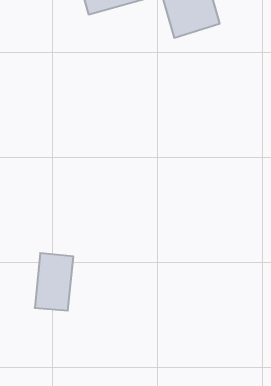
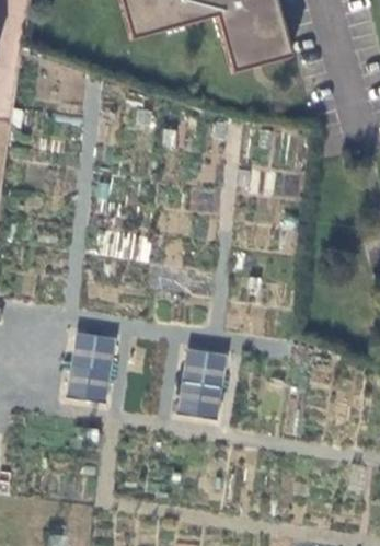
building: none -> [177,347,226,416]

